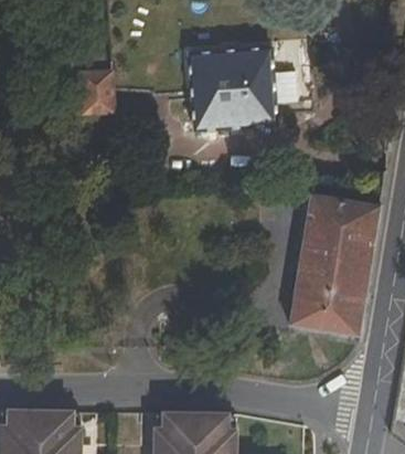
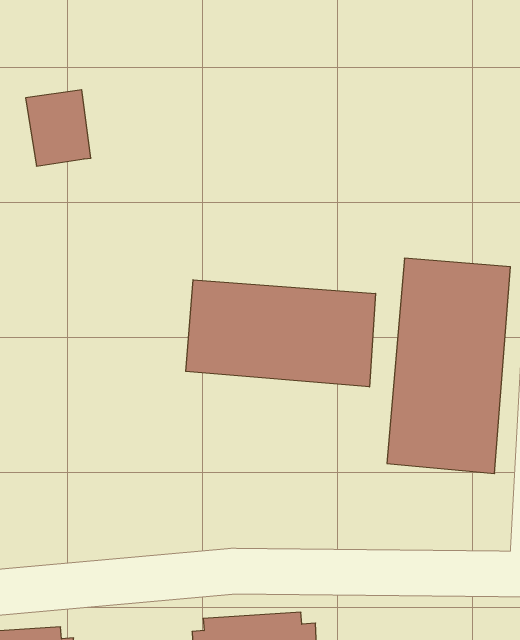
building: [188,45,278,133] -> none
building: none -> [186,280,376,387]

